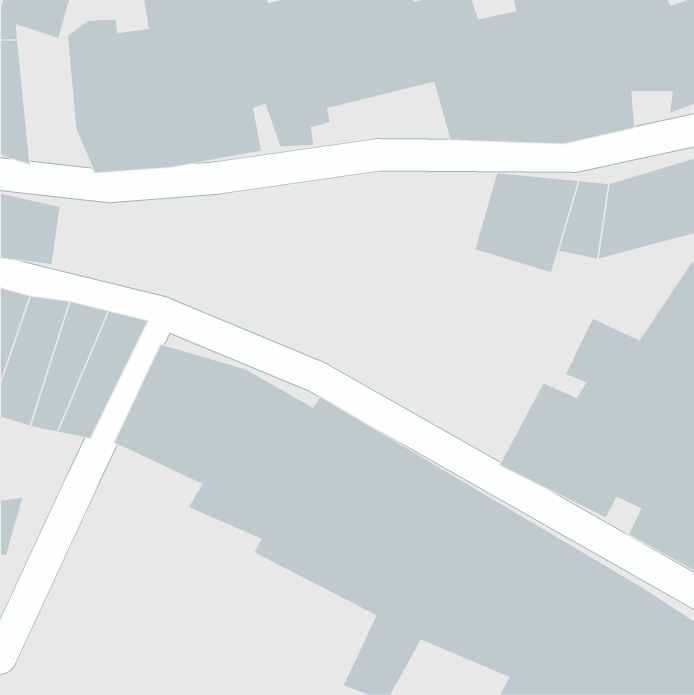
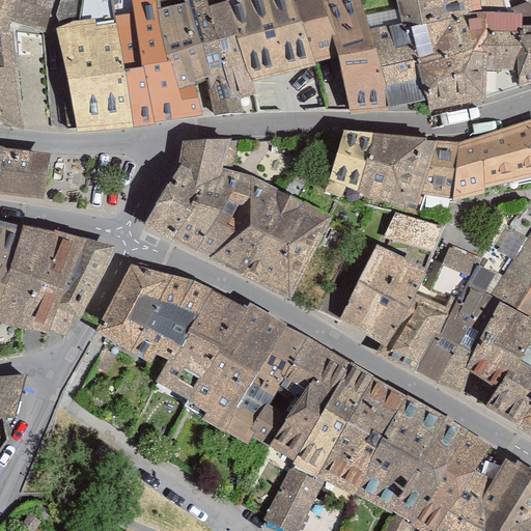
building: none -> [331,127,381,193]
building: none -> [144,138,327,298]
building: none -> [338,212,440,346]

